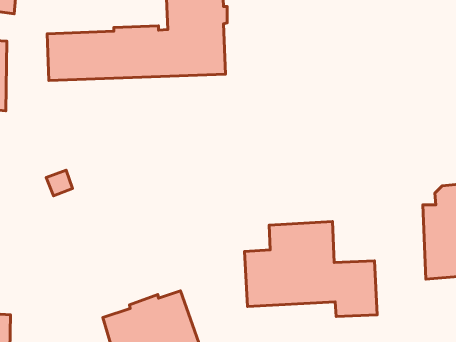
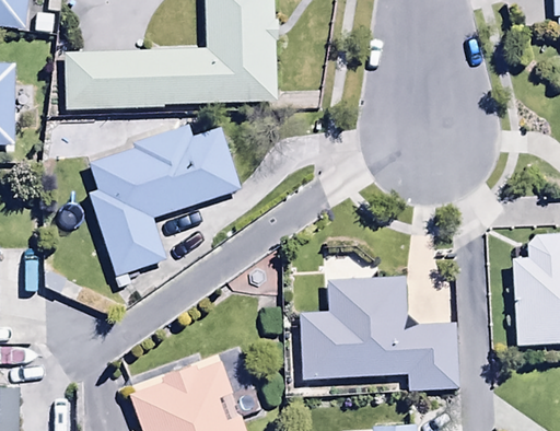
building: none -> [90,125,241,275]

